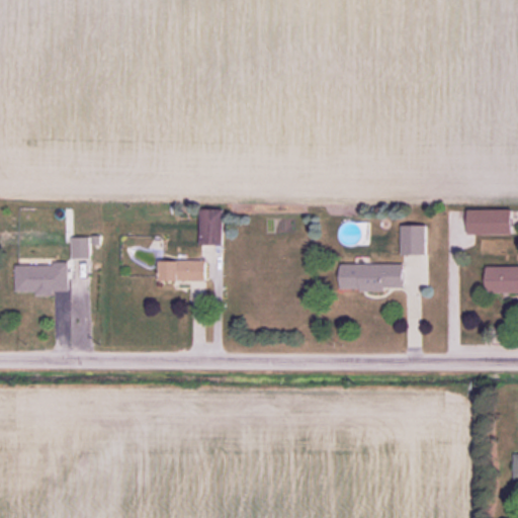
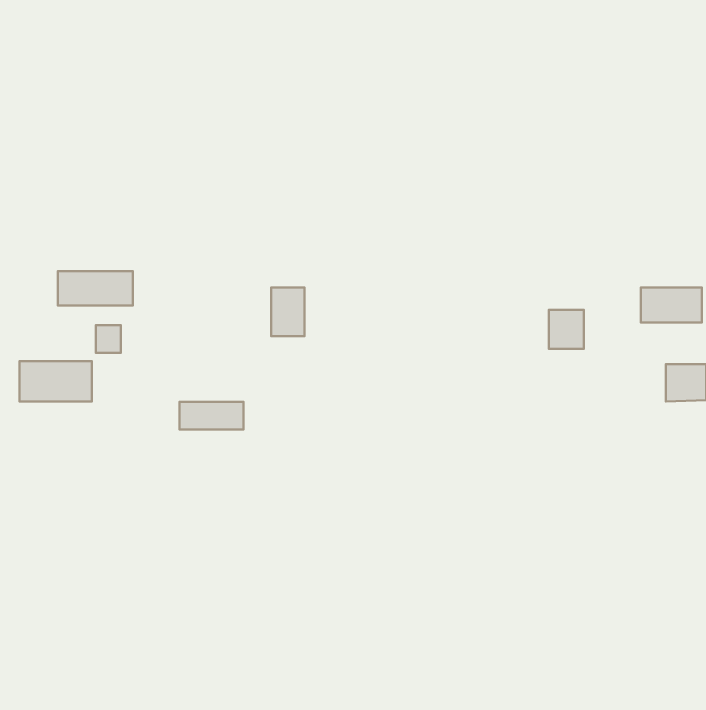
building: none -> [58,271,133,306]
building: [158,261,204,281] -> [179,402,243,430]
building: [340,264,404,290] -> none

